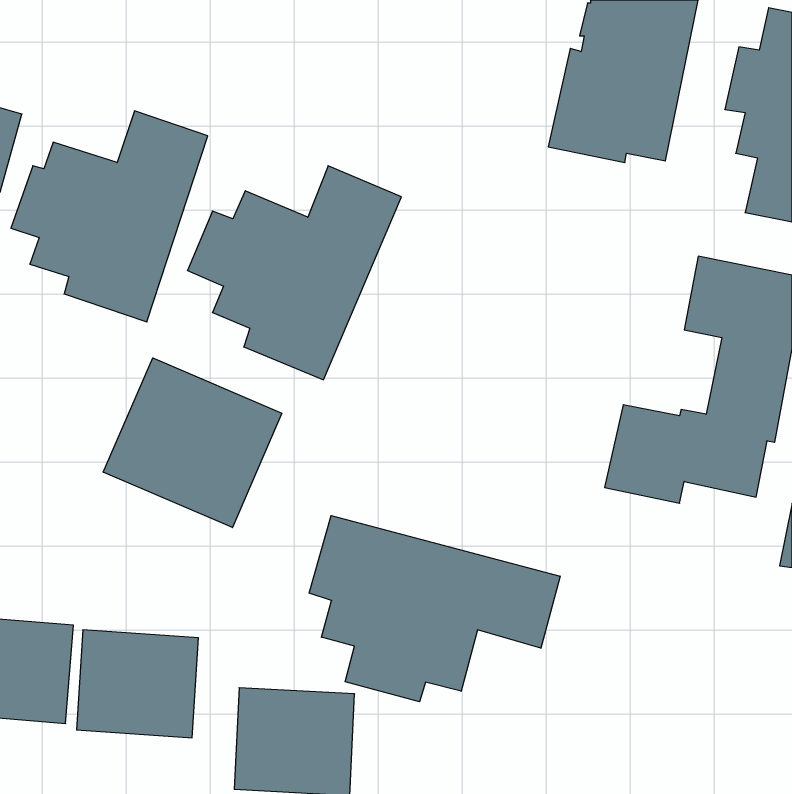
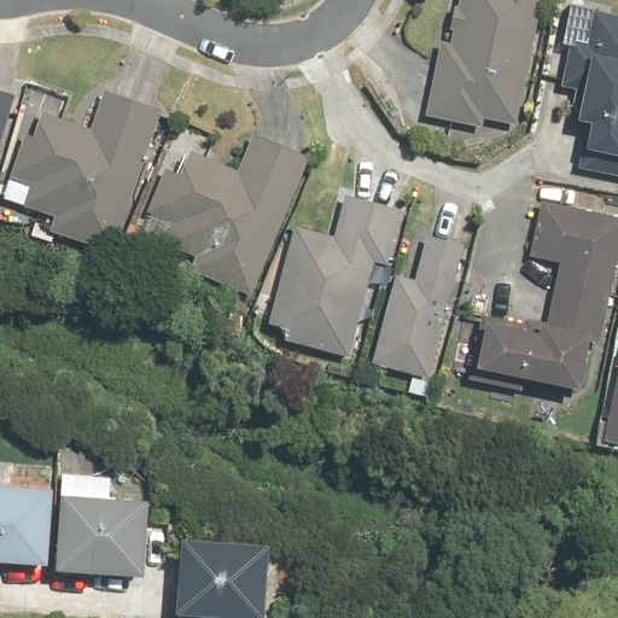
building: none -> [268,194,402,357]
building: none -> [371,235,466,379]
building: [103,358,282,528] -> none
building: [309,516,560,702] -> none

